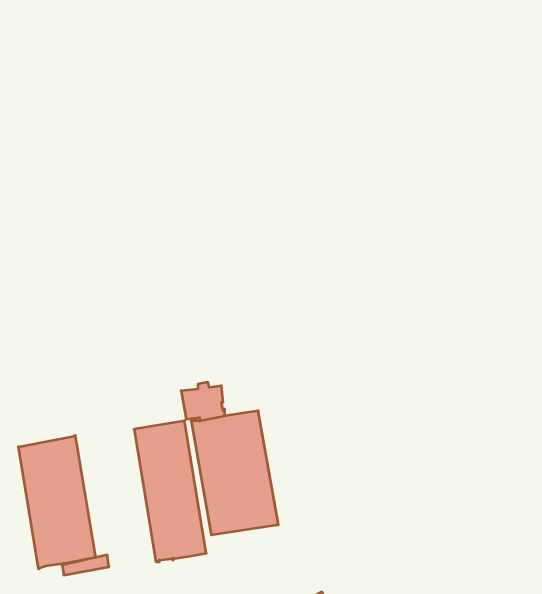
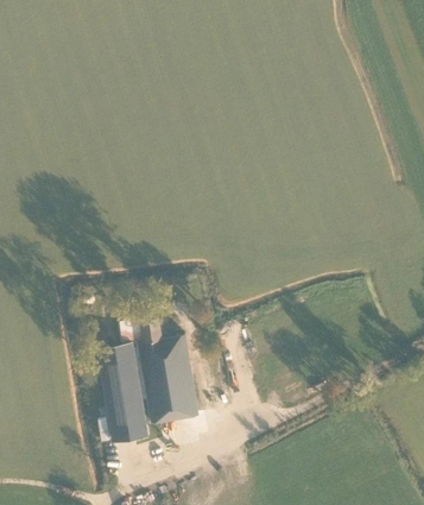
building: [18,435,95,569] -> none

